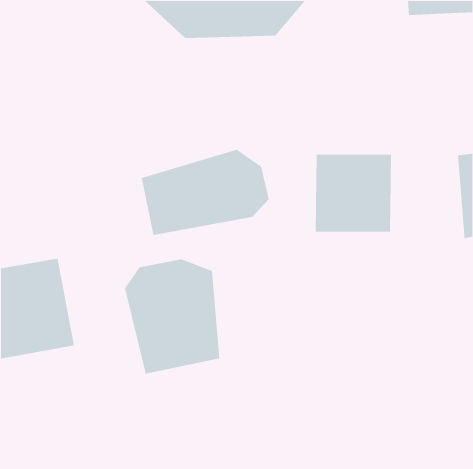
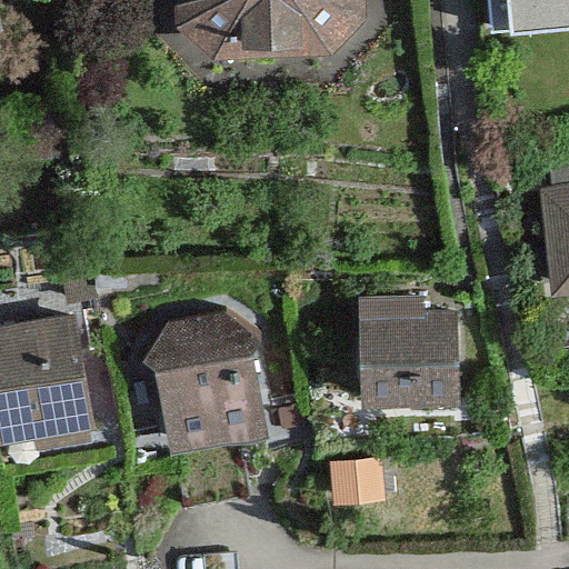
building: [141,149,269,236] -> none
building: [315,154,392,233] -> [359,305,451,399]

